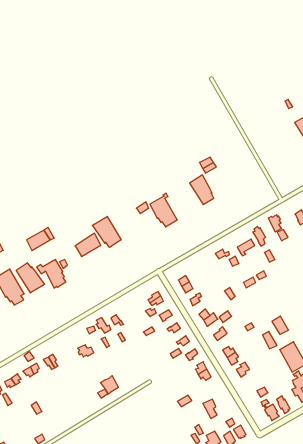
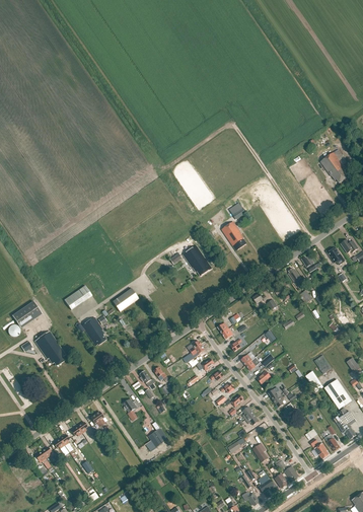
building: [92,216,121,247] -> none
building: [16,263,44,293] -> none

